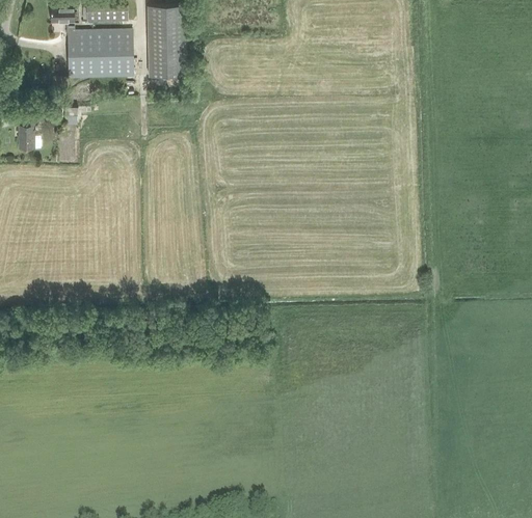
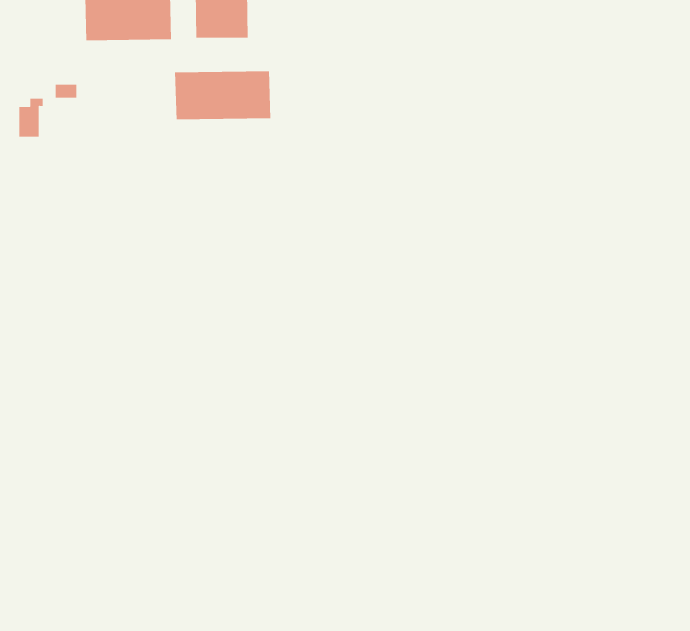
building: none -> [175,71,271,120]

